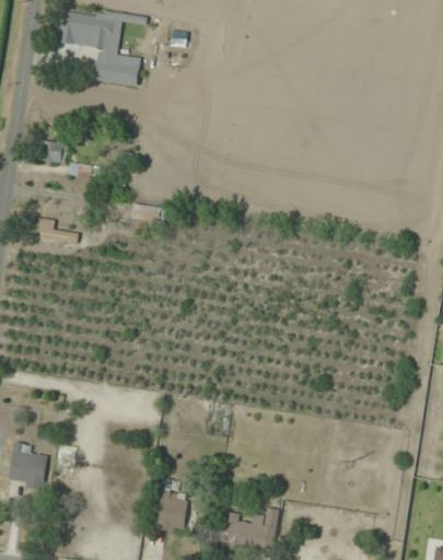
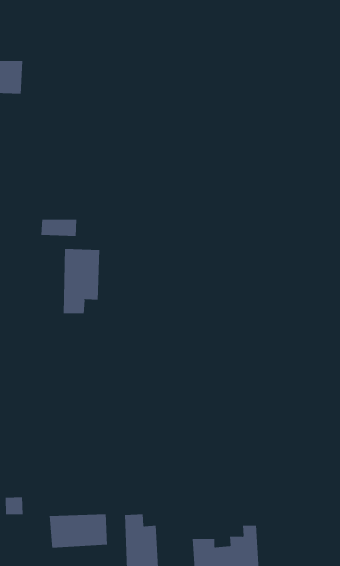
building: none -> [63,248,100,314]
building: none -> [49,514,107,548]

